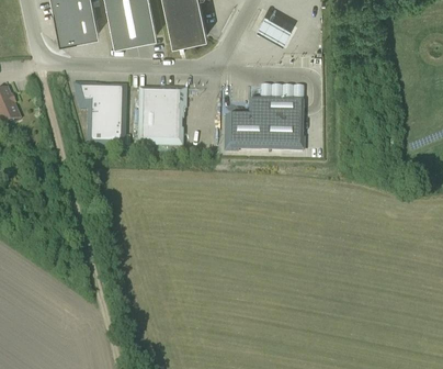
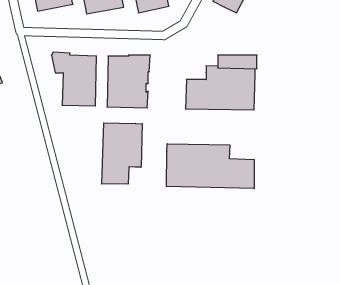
building: none -> [102,123,142,184]
building: none -> [167,144,254,189]

